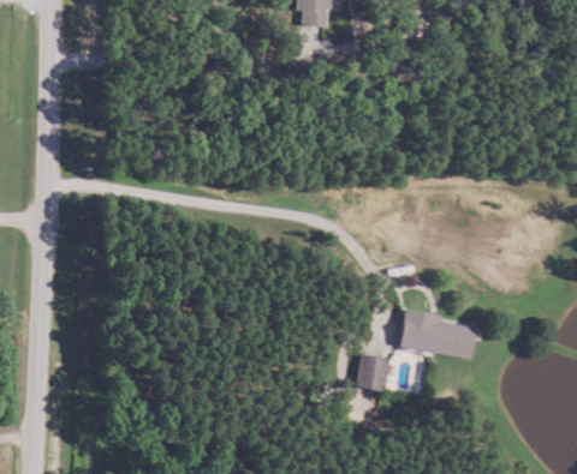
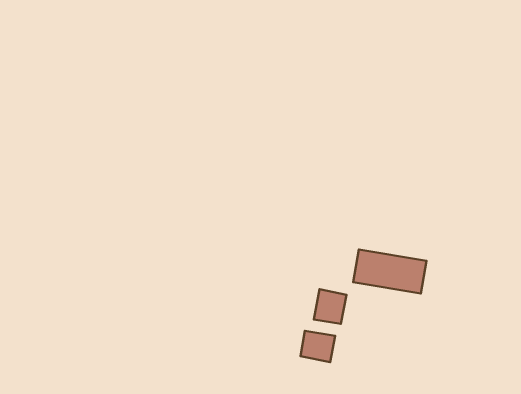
building: none -> [300,331,335,362]

